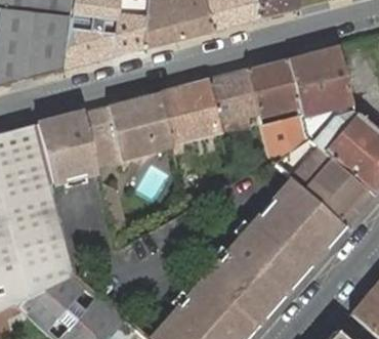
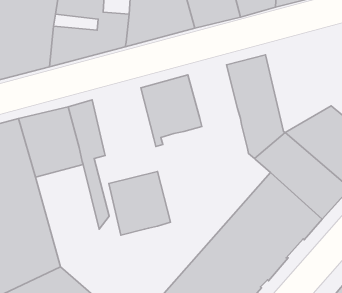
building: [286,45,353,138] -> none
building: [206,69,257,124] -> none
building: [108,92,171,158] -> [109,172,171,235]

